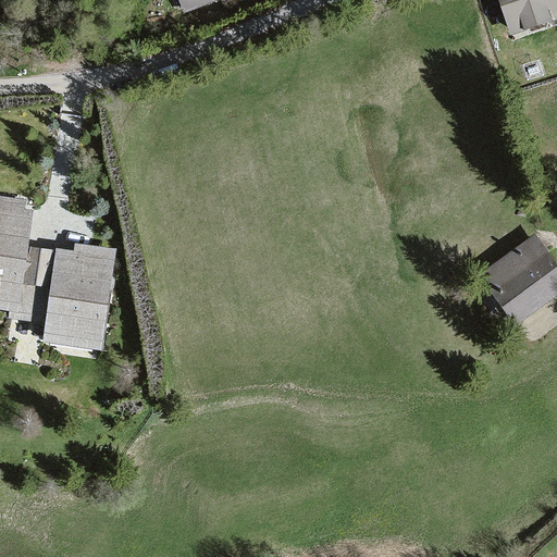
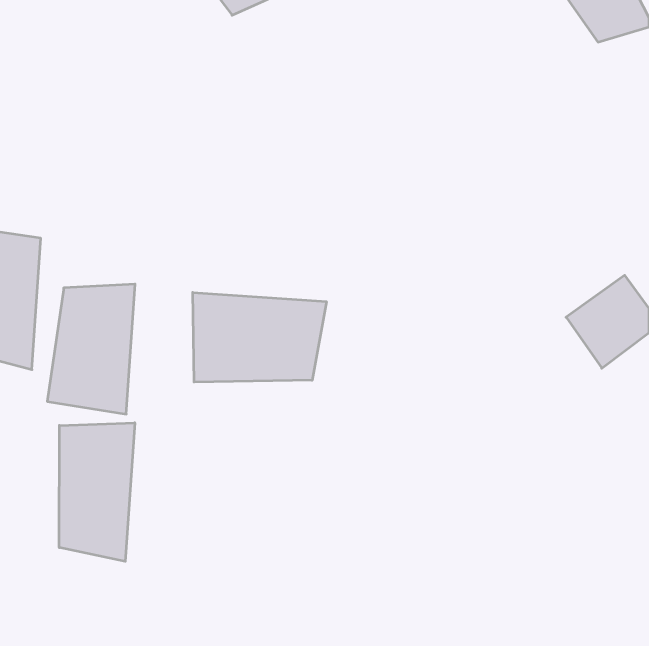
building: none -> [193,292,326,382]
building: none -> [59,423,135,561]

